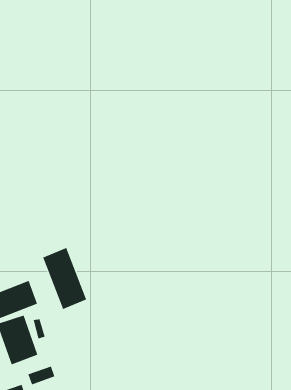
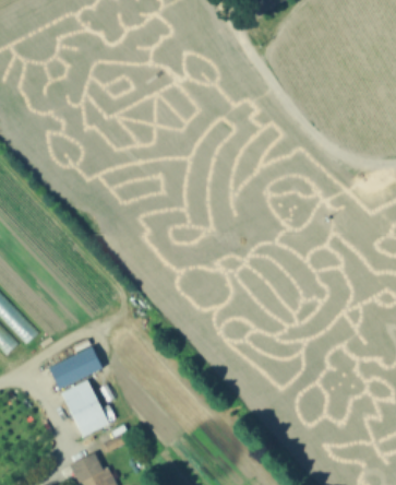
building: [43,247,87,310] -> none

